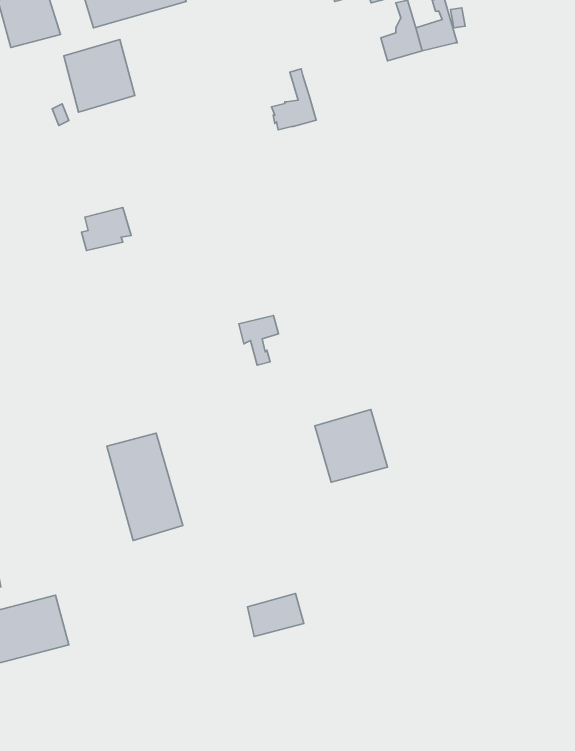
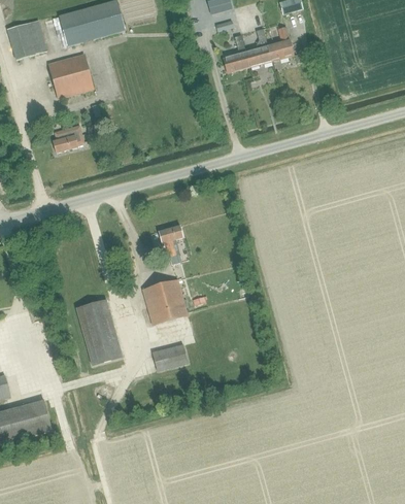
building: [272,69,316,130] -> [223,34,250,72]
building: [82,207,131,250] -> [52,125,82,152]
building: [315,409,387,482] -> [142,278,188,324]
building: [248,594,304,637] -> [153,343,188,370]

